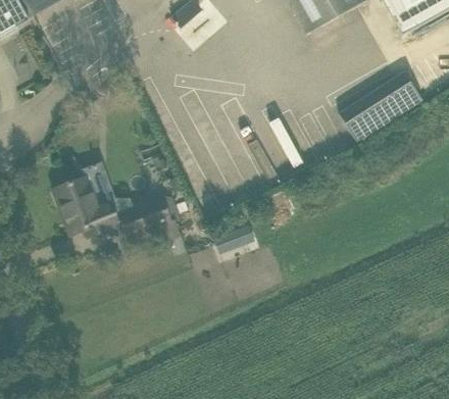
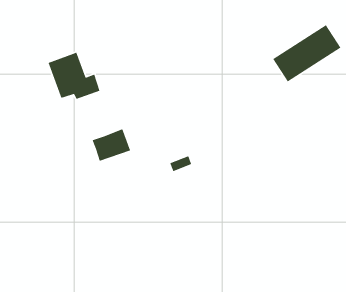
building: [58,172,122,231] -> [47,52,101,100]

